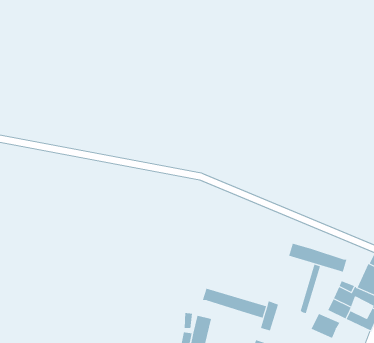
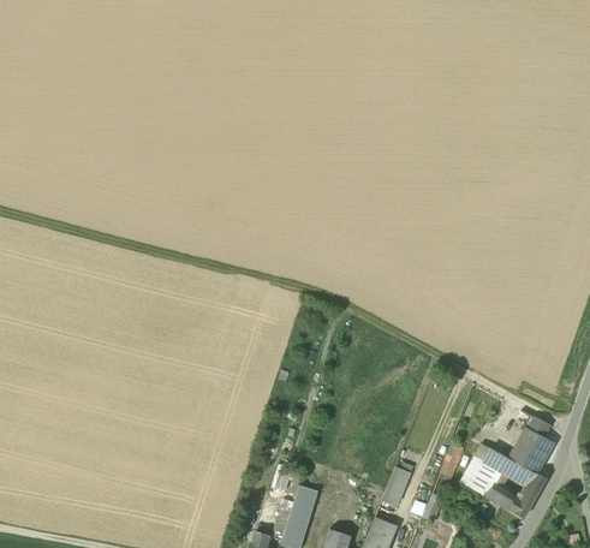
building: [288,243,347,272] -> none
building: [202,288,267,318] -> none
building: [311,312,340,338] -> none

